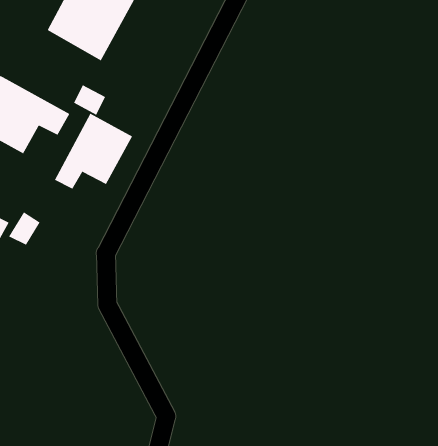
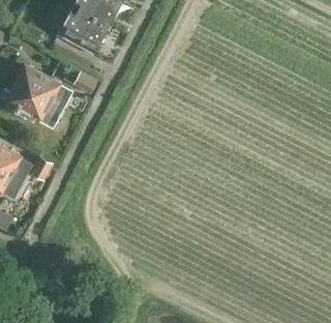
building: [54,113,133,190] -> none

